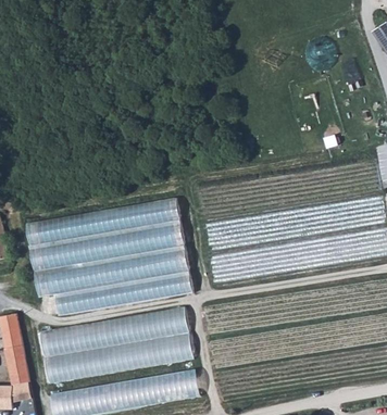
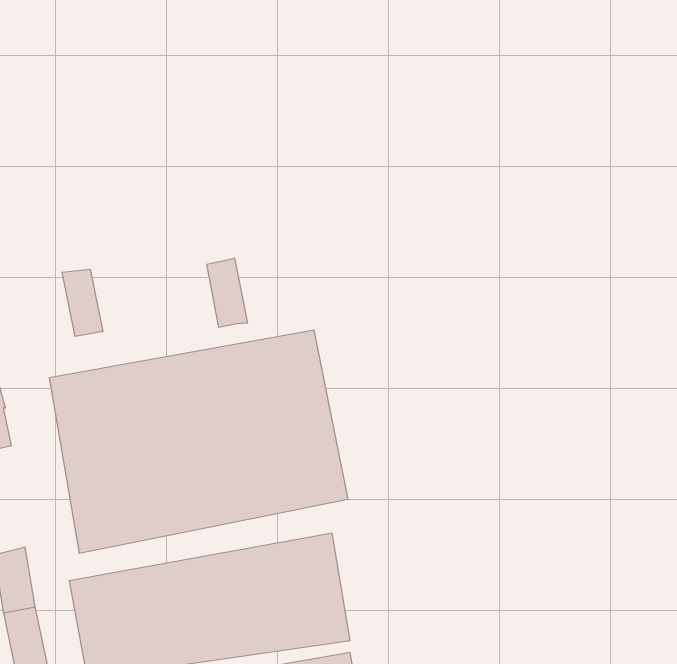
building: none -> [207,258,247,327]
building: none -> [62,269,103,336]

